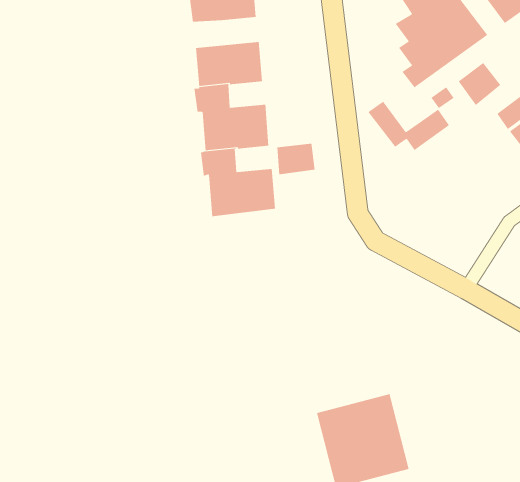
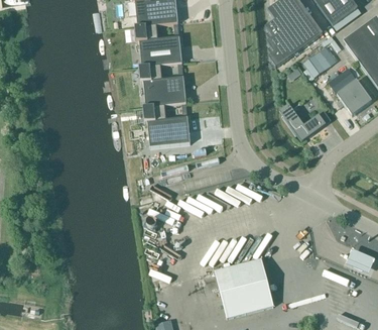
building: none -> [134,23,179,40]
building: [368,101,450,151] -> [279,104,331,135]
building: [277,143,315,175] -> none

